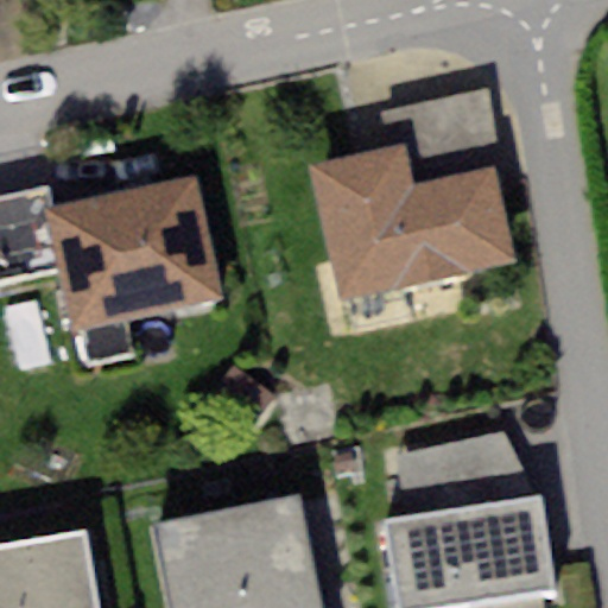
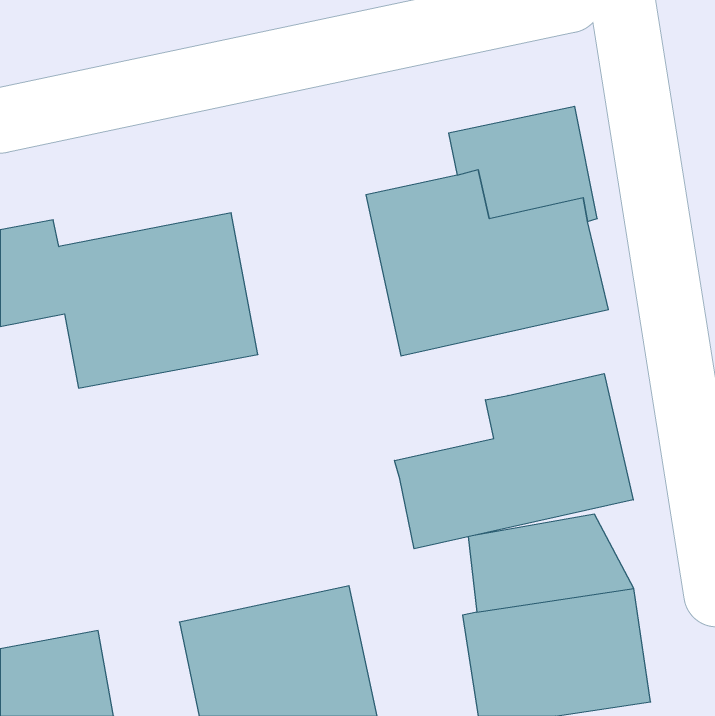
building: none -> [395,374,633,549]

